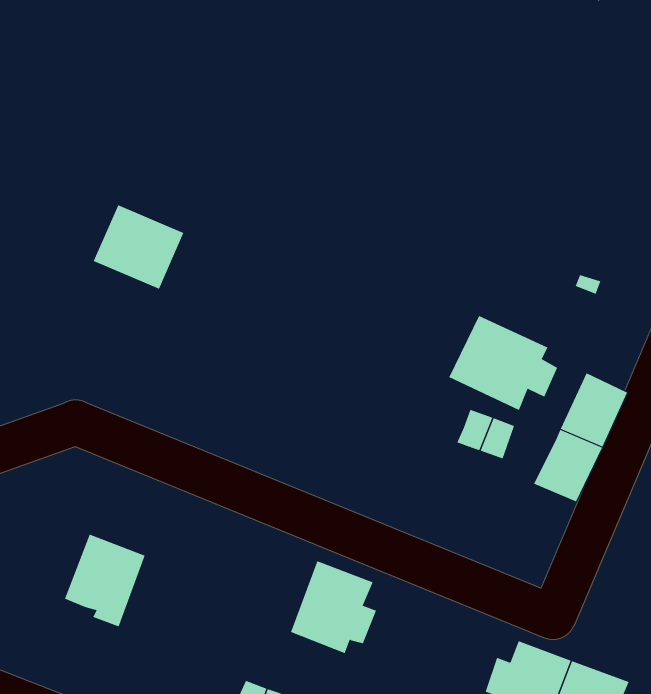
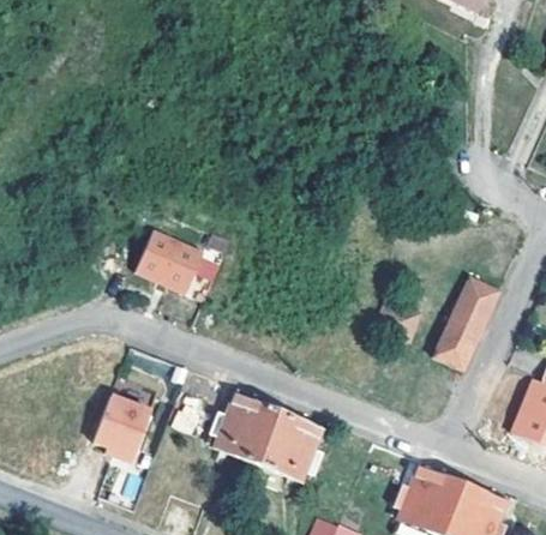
building: [93,205,184,289] -> [136,232,202,293]
building: [448,315,558,411] -> none
building: none -> [210,396,276,463]

